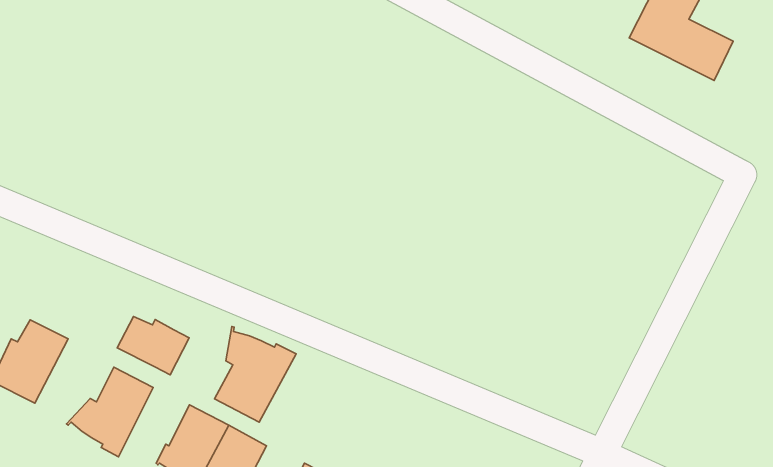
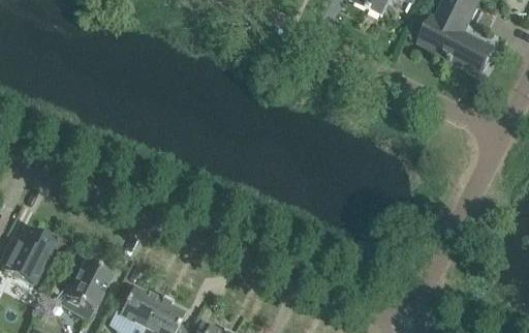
building: [117,316,189,375] -> none
building: [214,326,296,422] -> none

